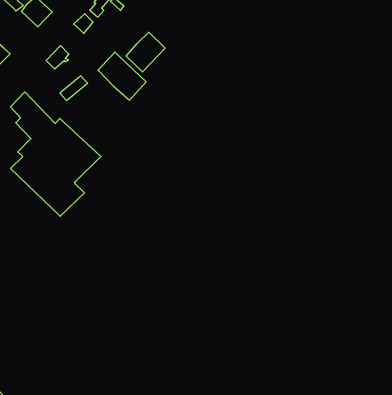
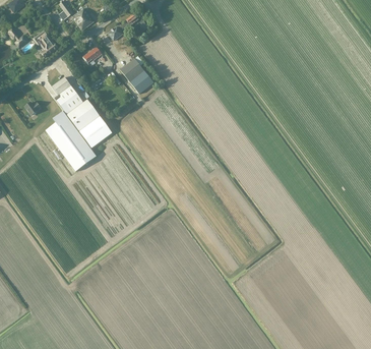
building: [126,32,165,72] -> none

